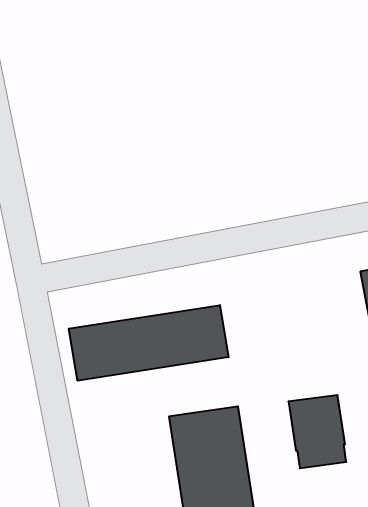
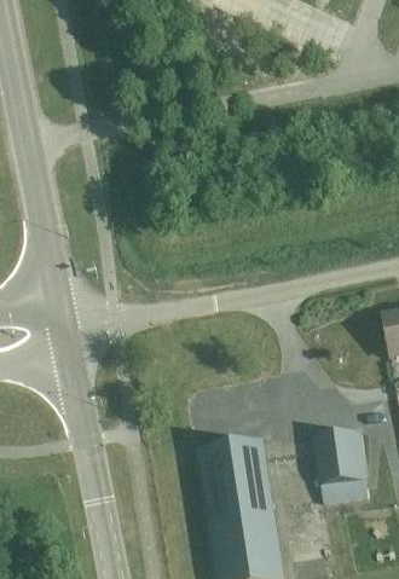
building: [69,305,229,381] -> none

